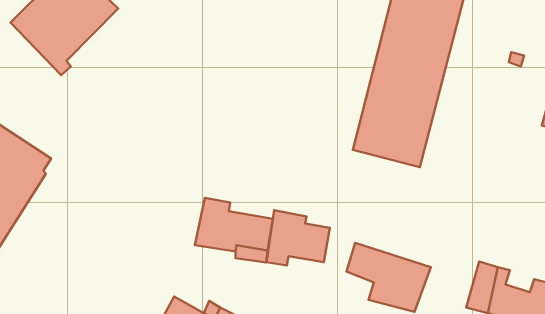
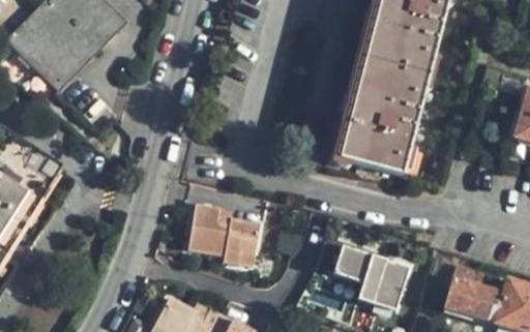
building: [266,210,330,266] -> none

